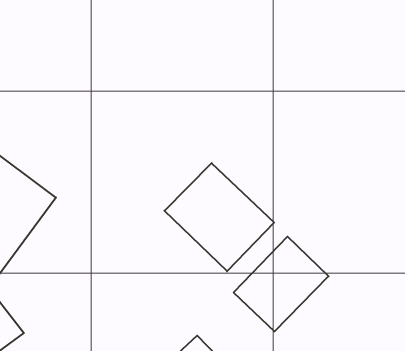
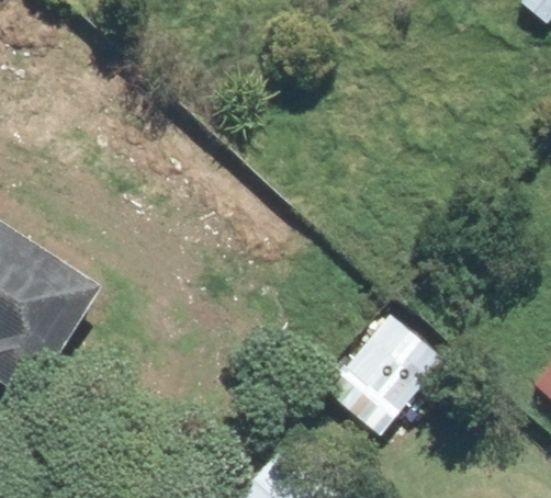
building: [164,163,274,271] -> none

